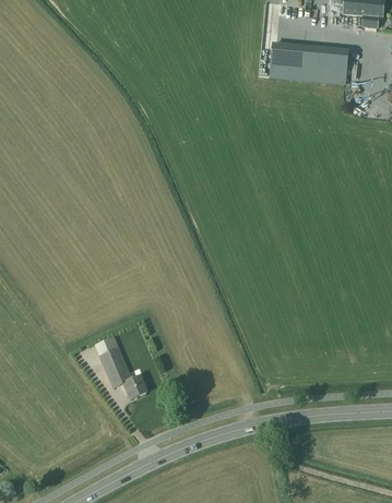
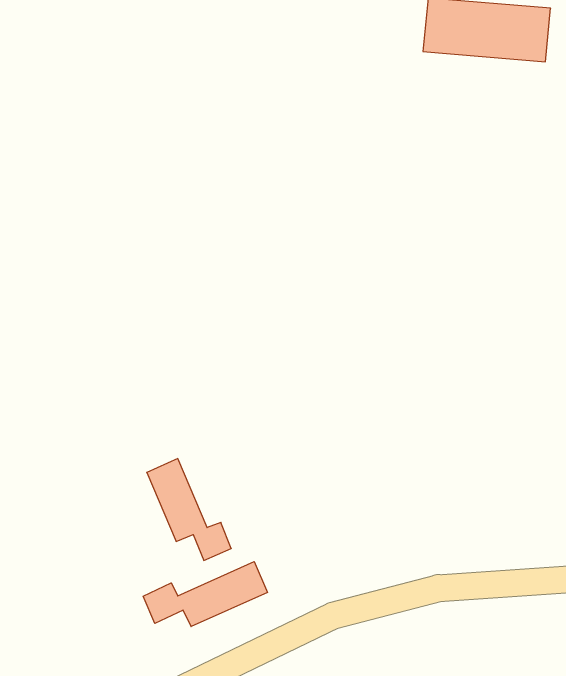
building: none -> [143,562,267,627]

